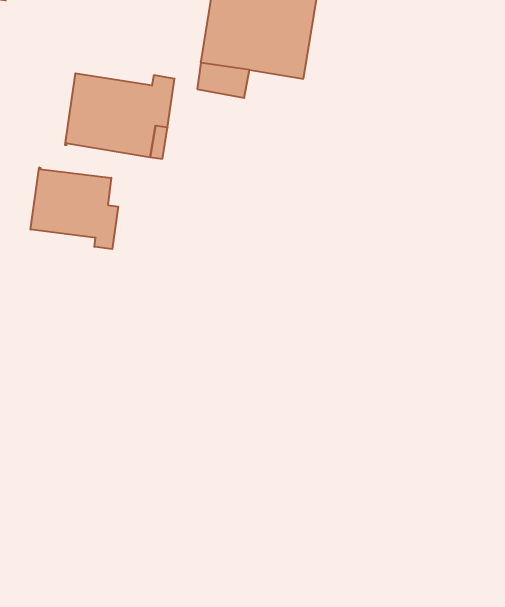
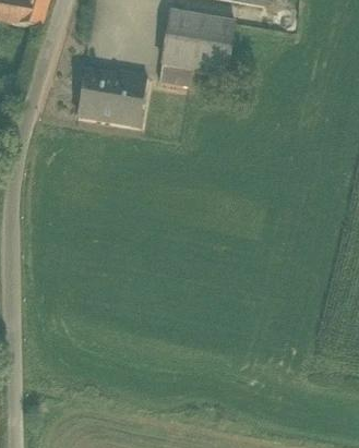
building: [31,167,118,249] -> none

